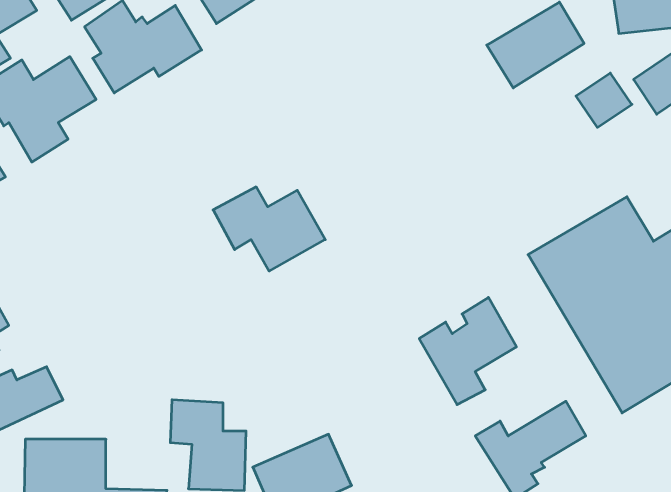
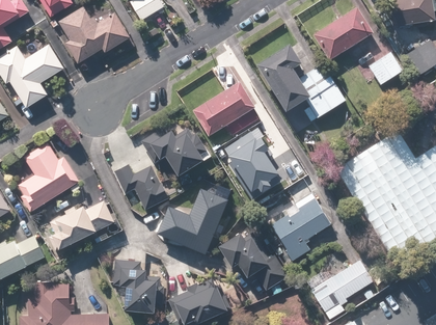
building: none -> [254,45,346,123]
building: none -> [192,81,263,136]
building: none -> [224,133,280,194]
building: none -> [15,142,79,211]
building: none -> [114,165,167,210]
building: none -> [157,187,228,254]
building: none -> [45,201,115,251]
building: none -> [216,227,289,291]

